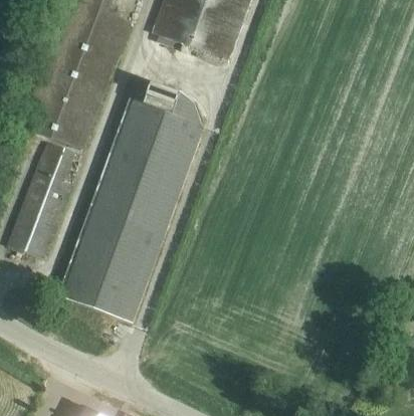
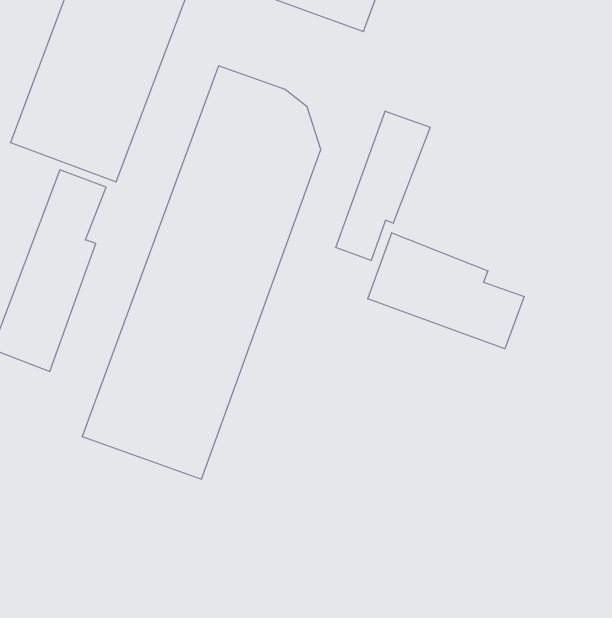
building: none -> [336,111,430,261]
building: none -> [368,233,524,349]

